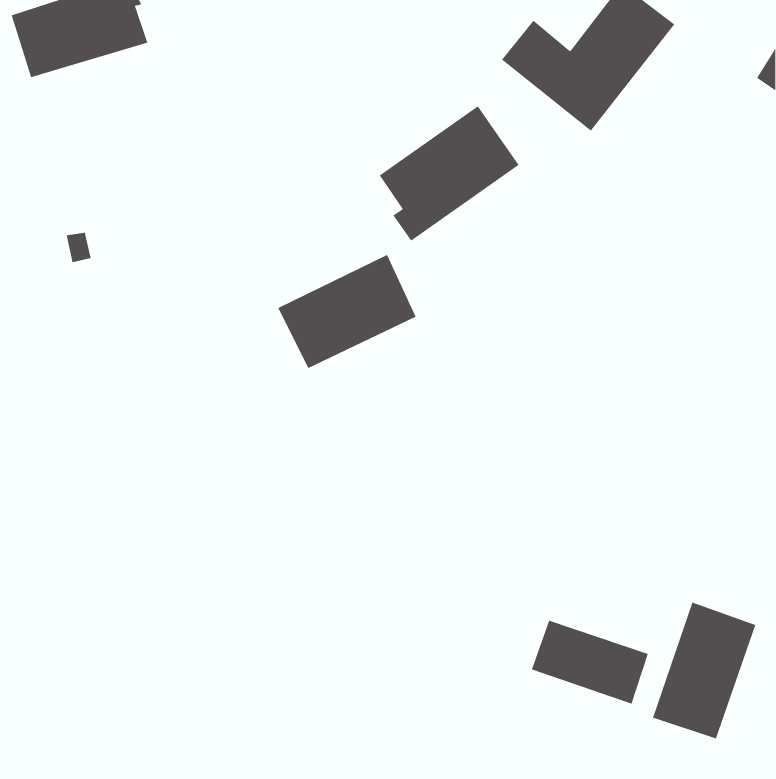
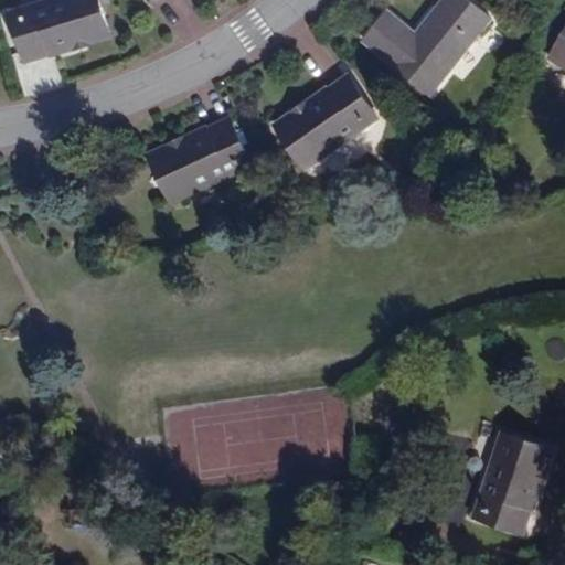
building: [277,254,416,369] -> [149,119,249,202]
building: [531,620,648,704] -> none

